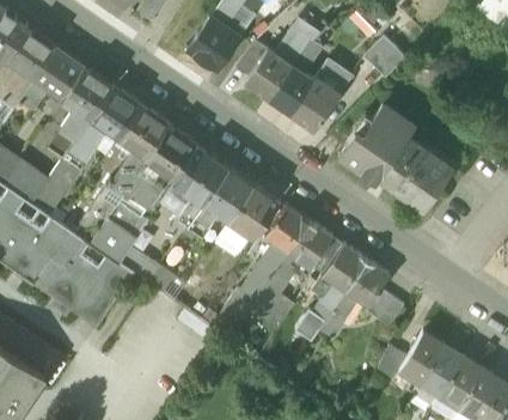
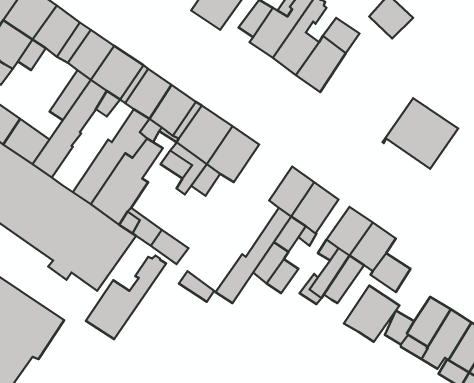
building: [338,104,415,182] -> none
building: [218,183,281,254] -> none
building: none -> [86,255,166,339]
building: none -> [344,286,399,342]

